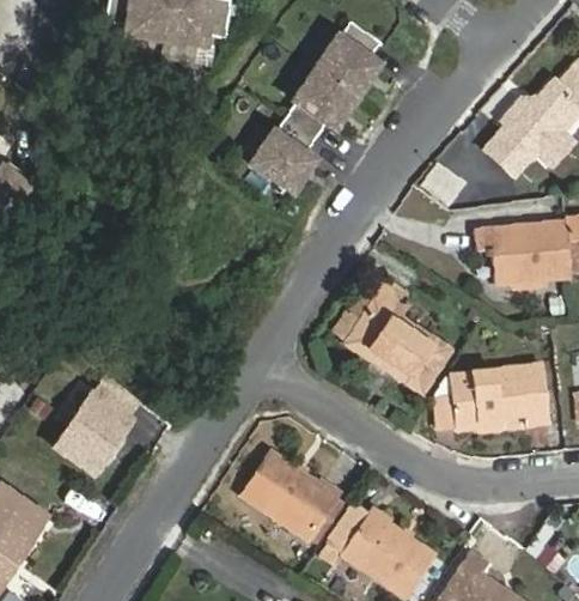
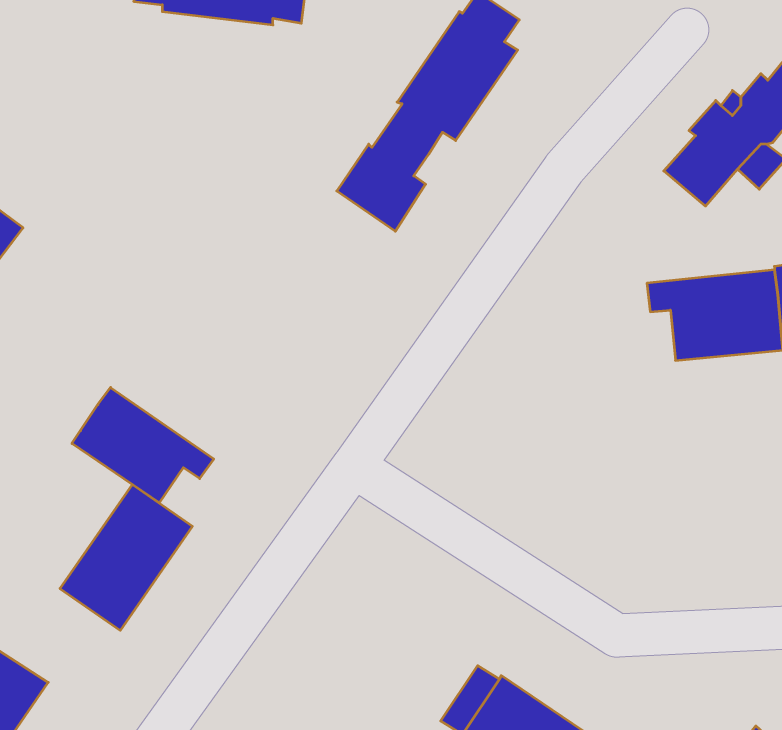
building: [333,285,447,391] -> none
building: none -> [72,387,214,503]
building: [432,363,550,429] -> none
building: [243,453,336,538] -> none

